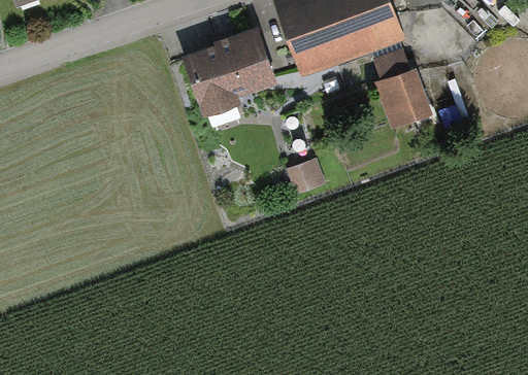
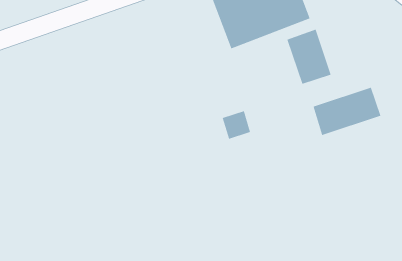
building: [175,27,277,114] -> none
building: none -> [313,87,381,136]

